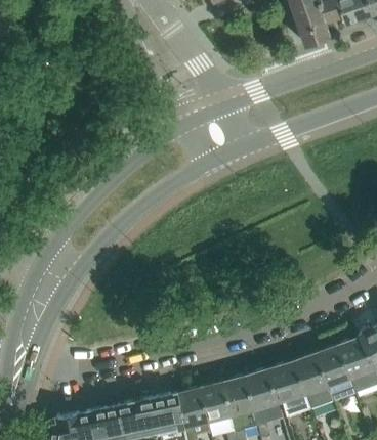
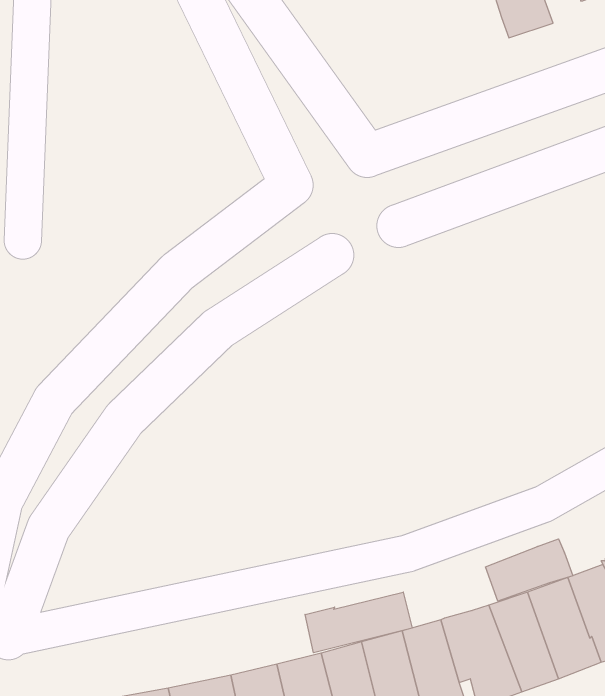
building: none -> [486,539,573,601]
building: none -> [305,592,412,653]

